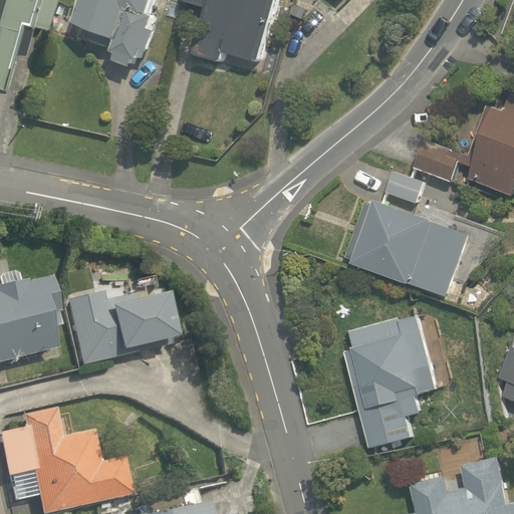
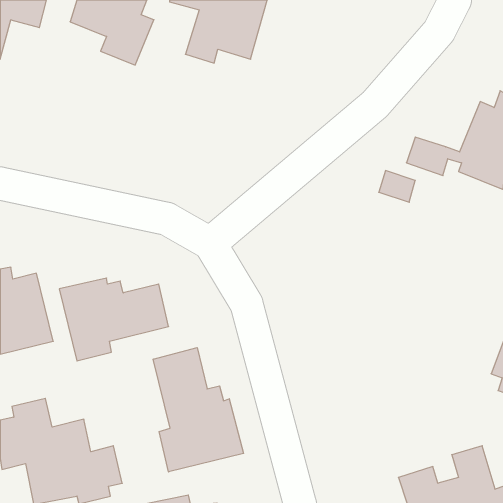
building: [348,196,471,294] -> none
building: [341,324,438,446] -> none
building: none -> [153,348,244,472]

